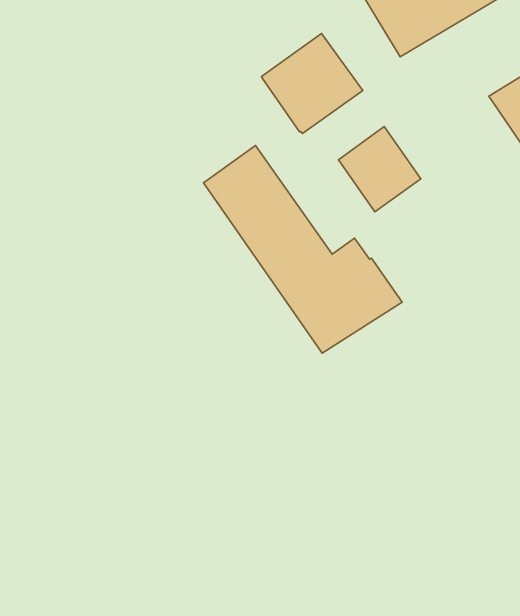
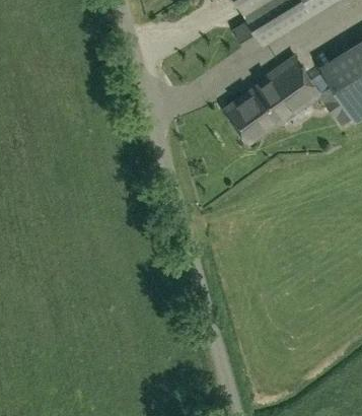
building: [261,34,363,133] -> [252,58,317,122]
building: [203,145,402,353] -> none

